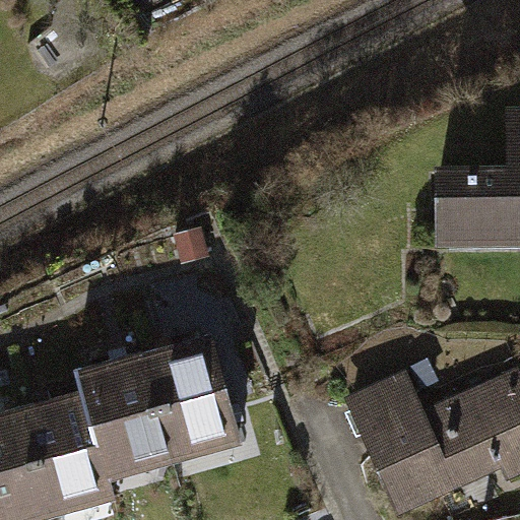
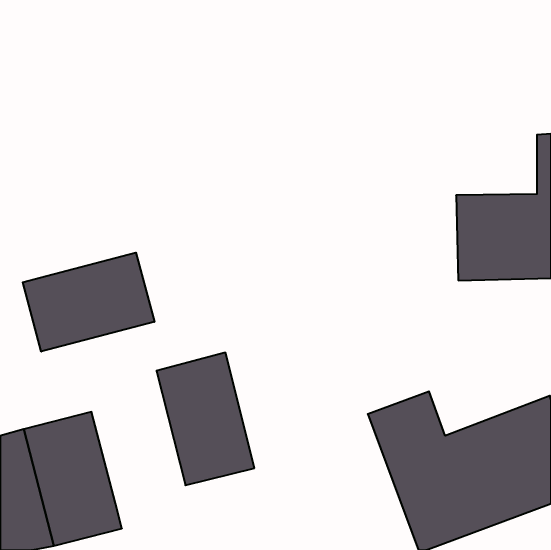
building: none -> [23,253,154,352]
building: [80,349,175,474] -> none

